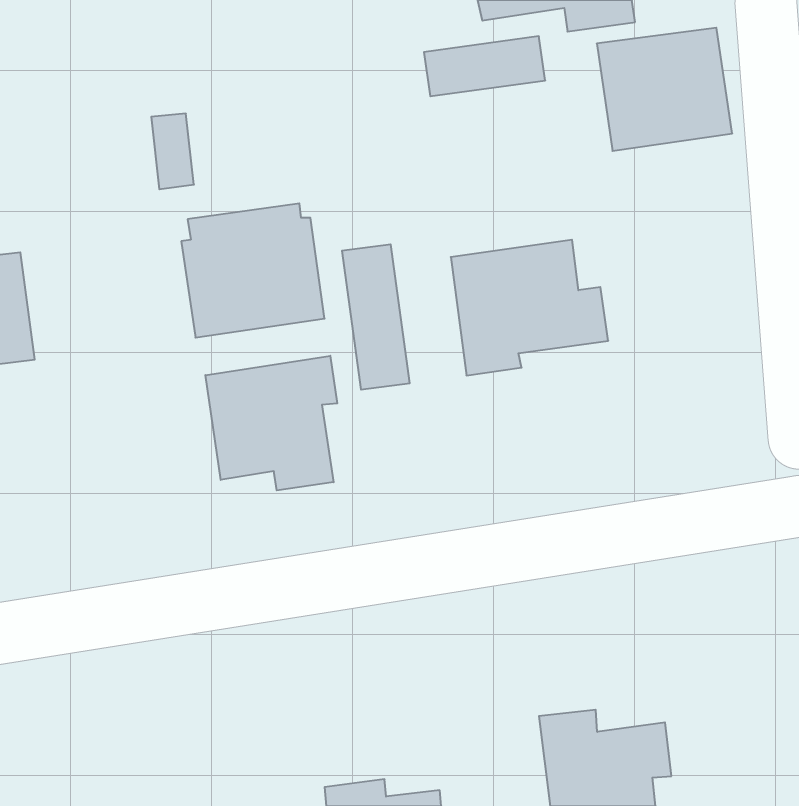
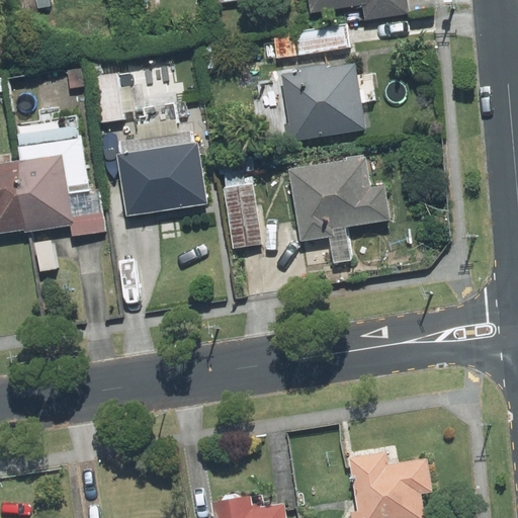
building: [597,28,732,151] -> [278,62,365,141]
building: none -> [16,126,107,237]
building: [205,356,337,490] -> none

